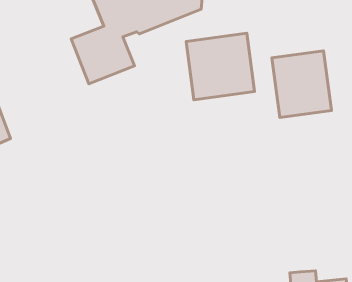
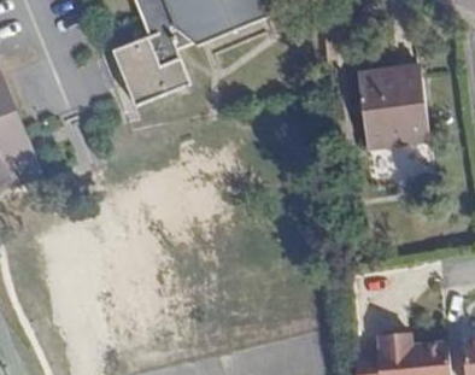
building: [186,33,254,100] -> none

